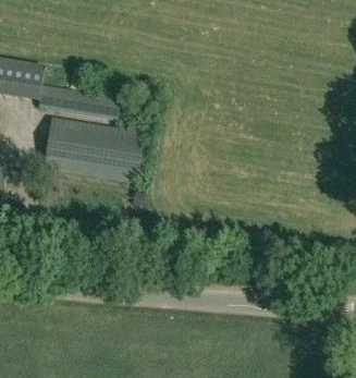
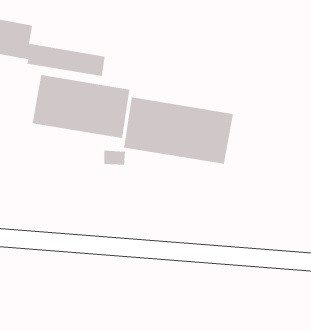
building: none -> [124,97,233,165]

